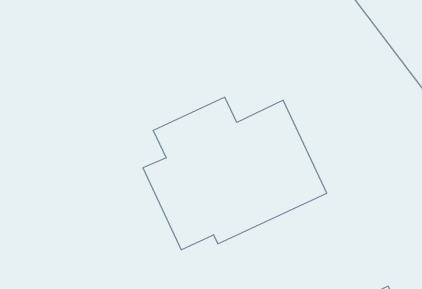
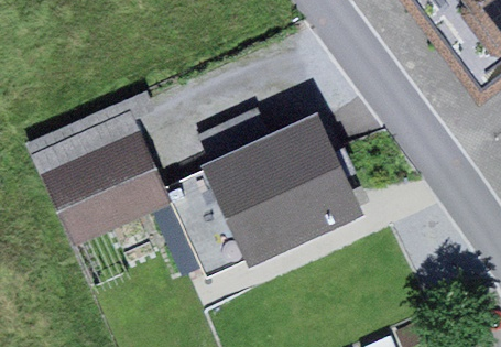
building: none -> [31,109,173,248]

